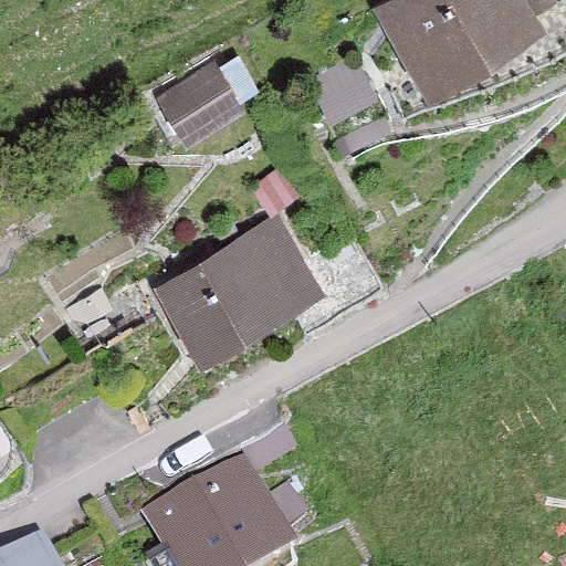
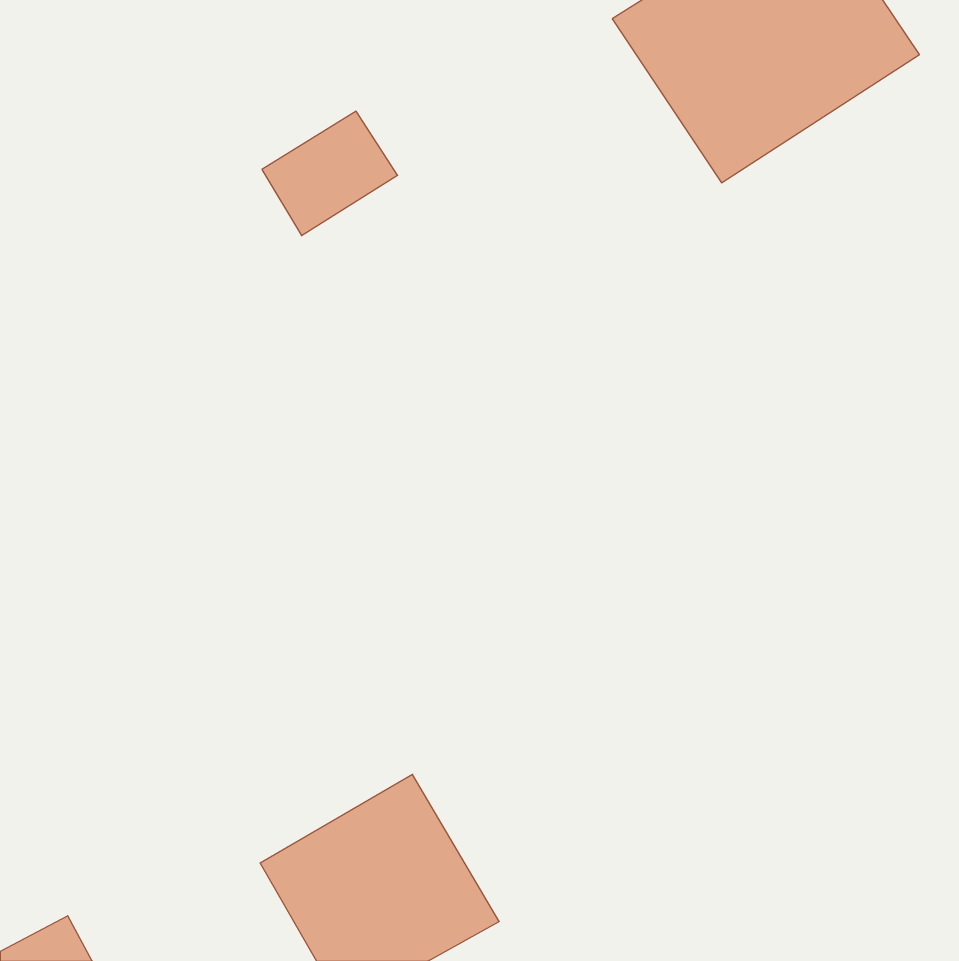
building: [155,217,327,373] -> none

